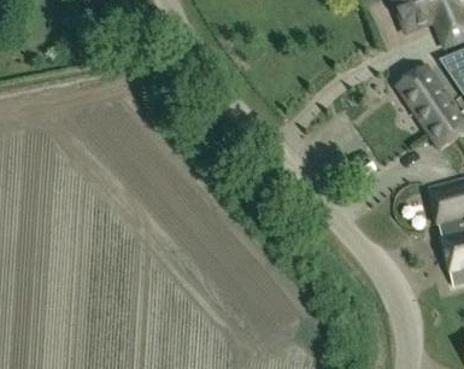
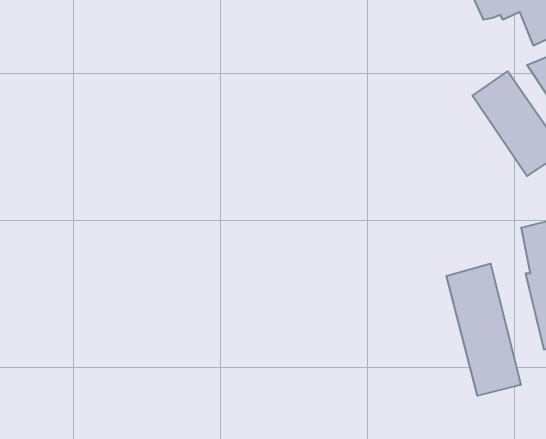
building: none -> [446,264,521,396]

